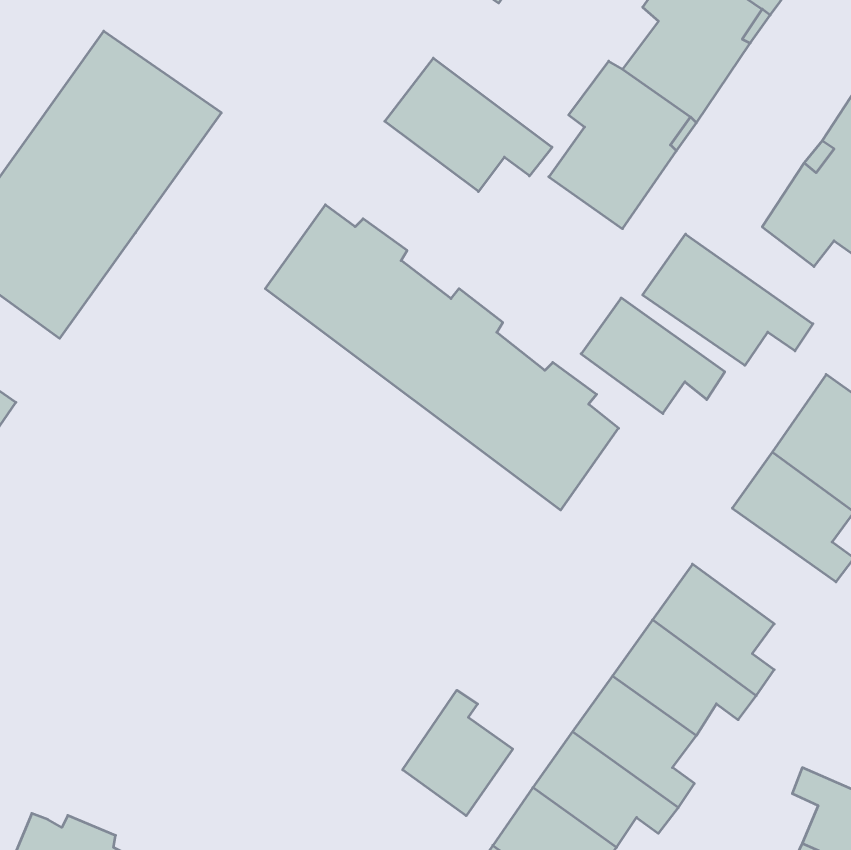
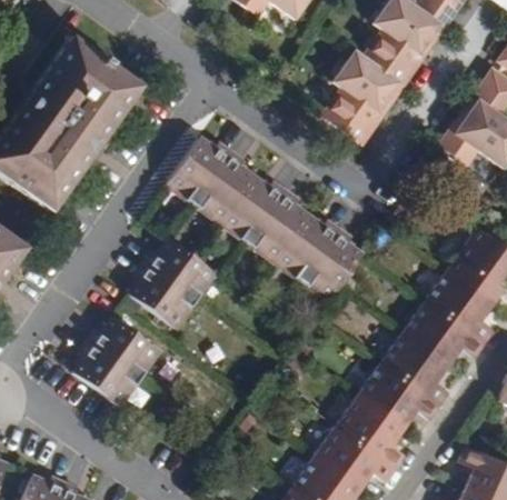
building: [385,58,552,192] -> none
building: [643,234,813,365] -> none
building: [581,298,725,414] -> [401,301,481,366]
building: none -> [128,232,216,322]
building: none -> [73,311,161,401]
building: [403,690,513,816] -> none

